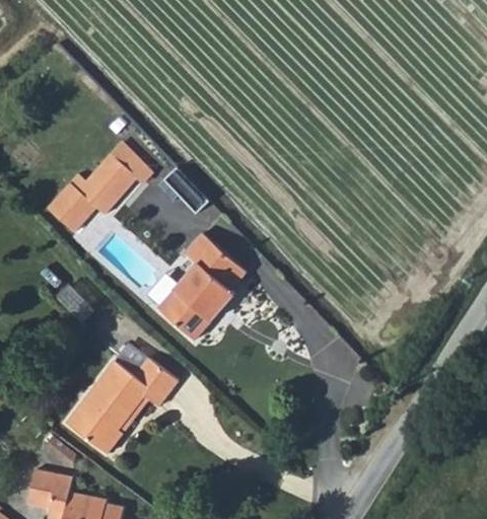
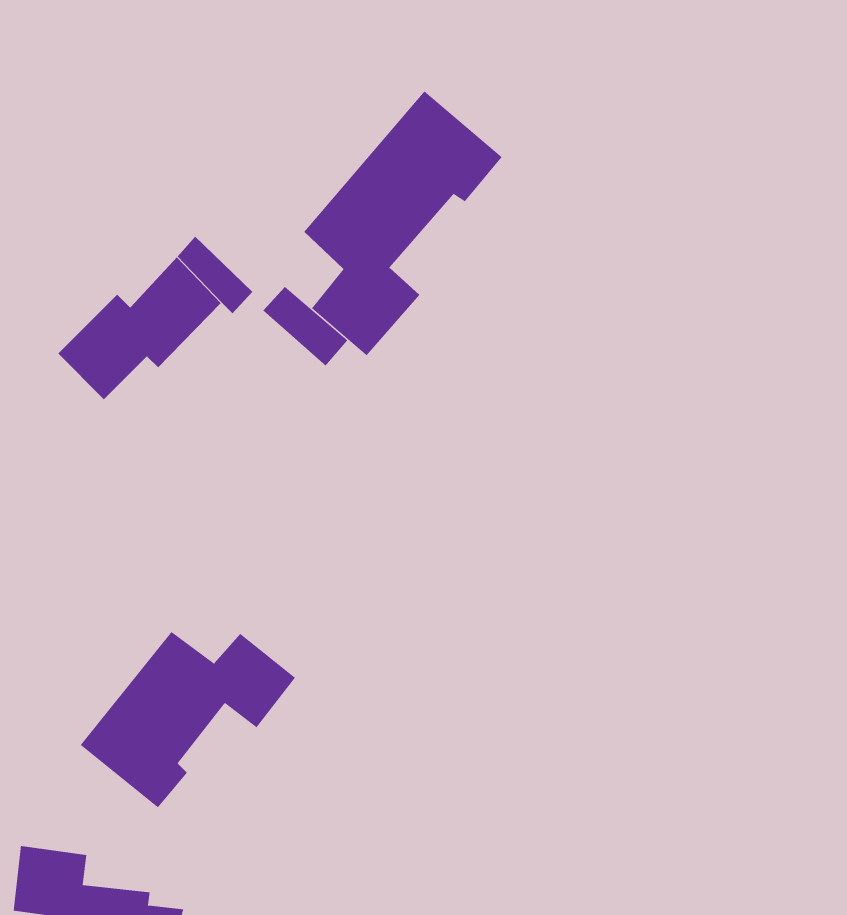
building: none -> [303,90,503,356]
building: [161,233,249,336] -> none

